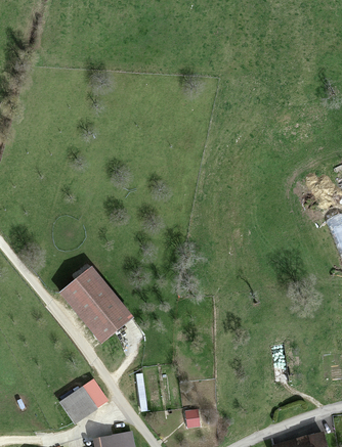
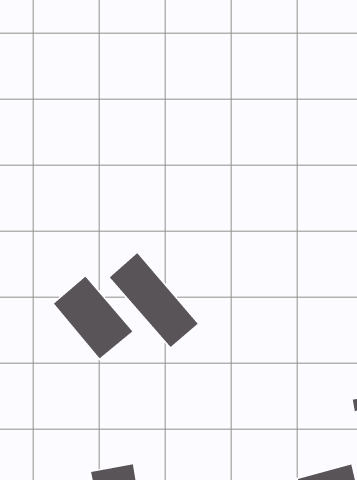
building: none -> [109,252,199,348]
building: [59,379,106,420] -> none

